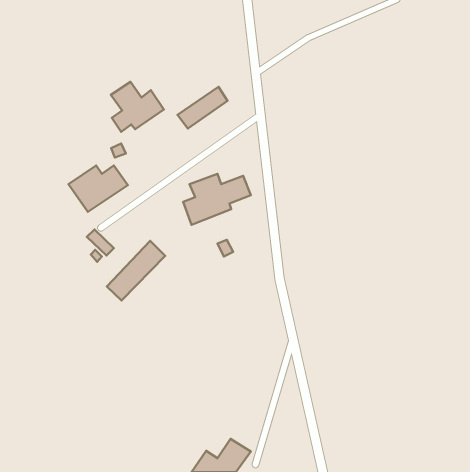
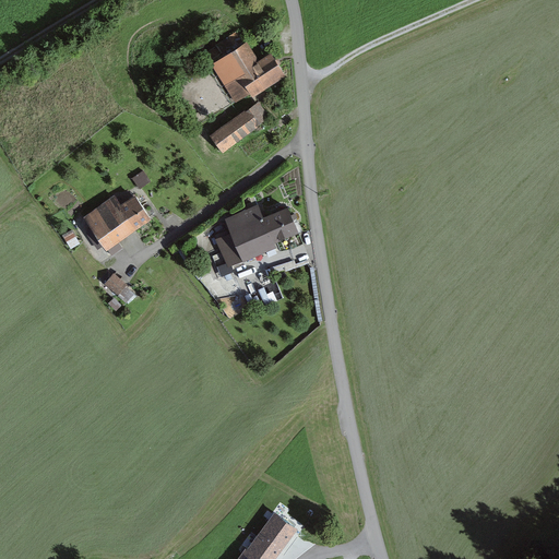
building: [111,82,164,132] -> [222,44,284,103]
building: [107,241,165,301] -> none

